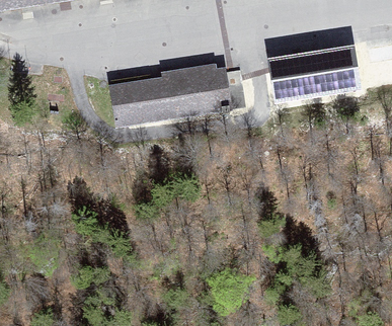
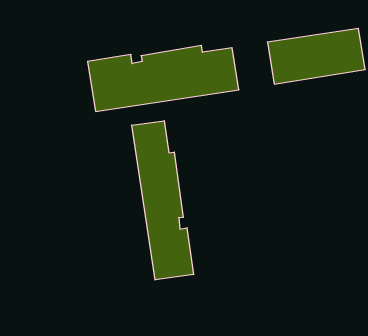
building: none -> [132,121,194,280]

